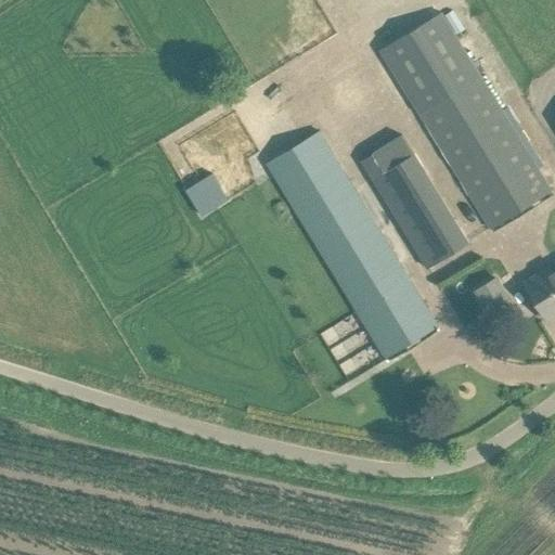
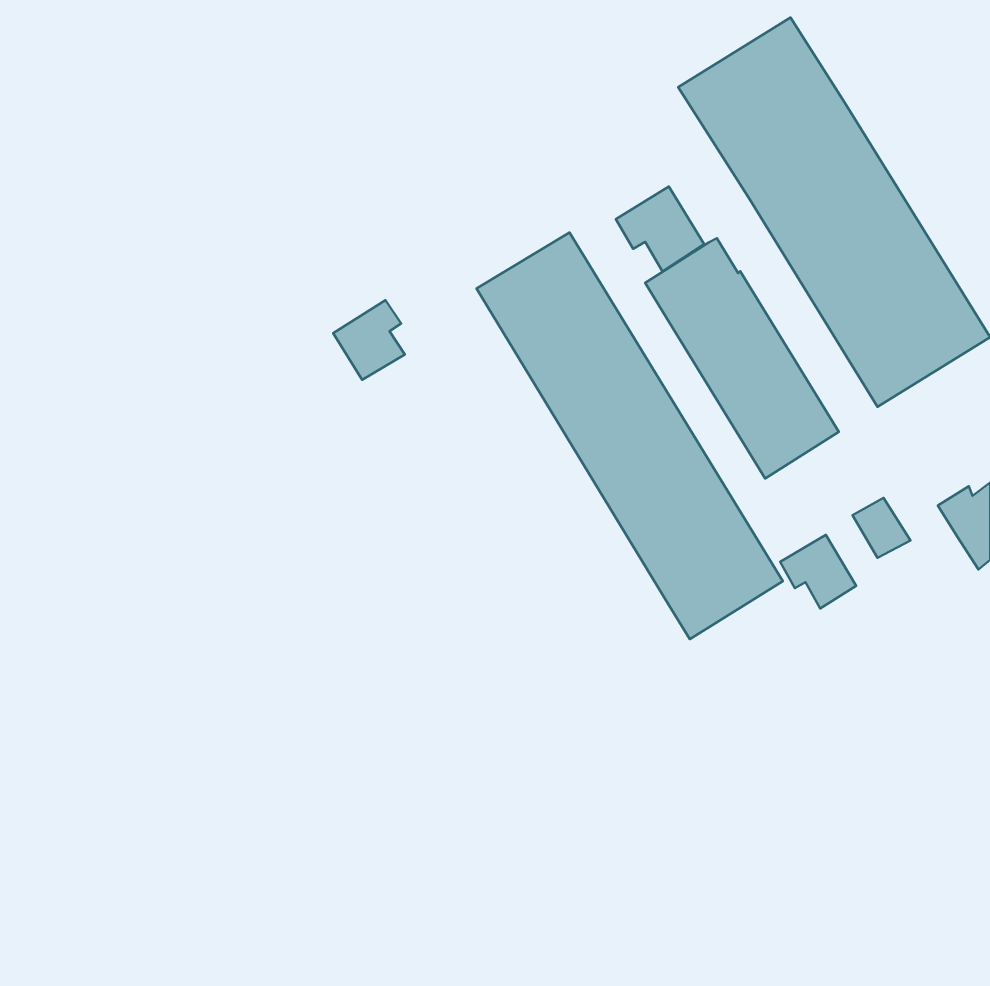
building: none -> [616,187,704,271]
building: none -> [780,535,856,609]

